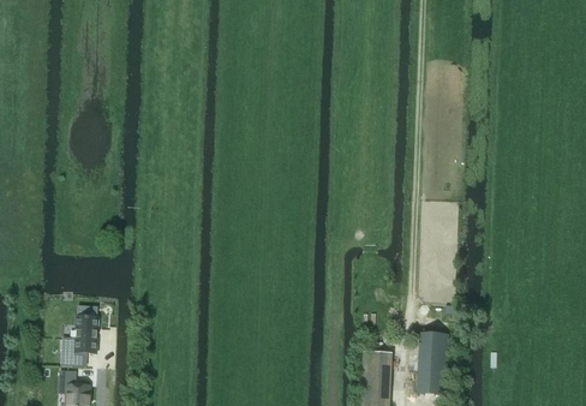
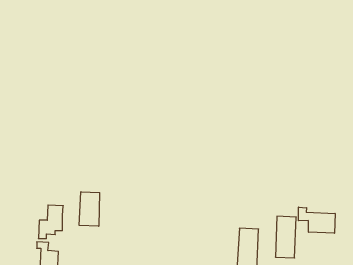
building: none -> [79,192,100,226]
building: none -> [298,207,335,233]

